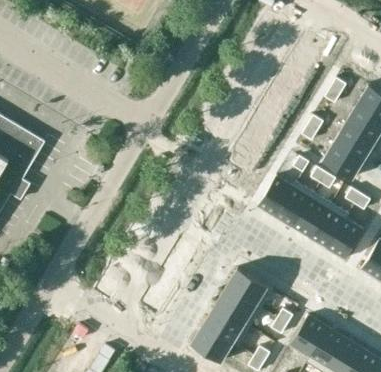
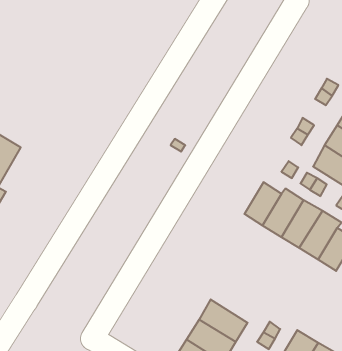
building: [226,267,273,308] -> none

